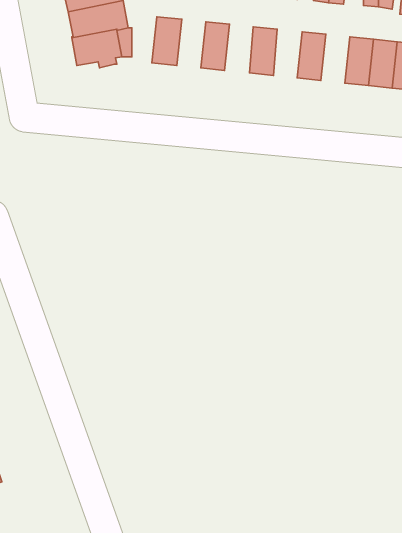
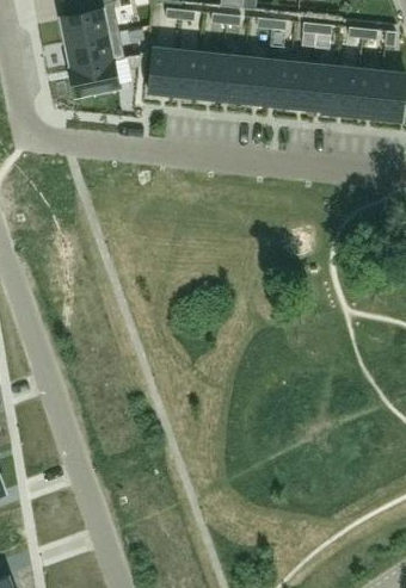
building: none -> [170,50,197,97]
building: none -> [215,55,242,101]
building: none -> [262,60,289,106]
building: none -> [307,64,334,111]

